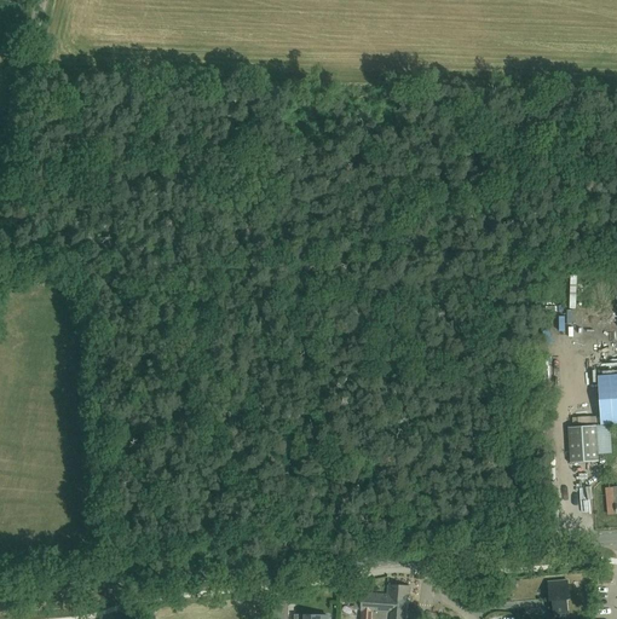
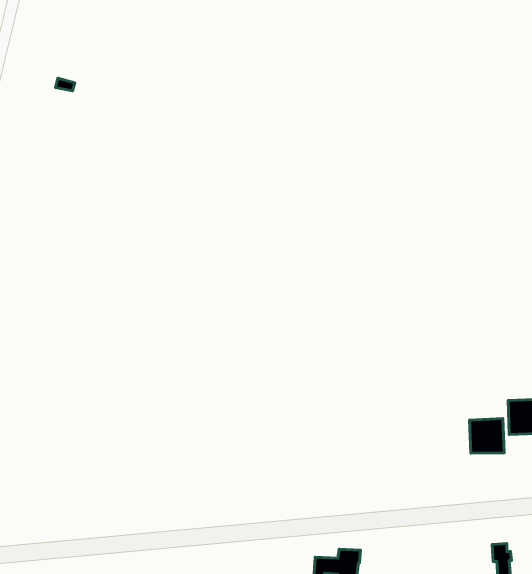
building: none -> [469,419,504,453]

